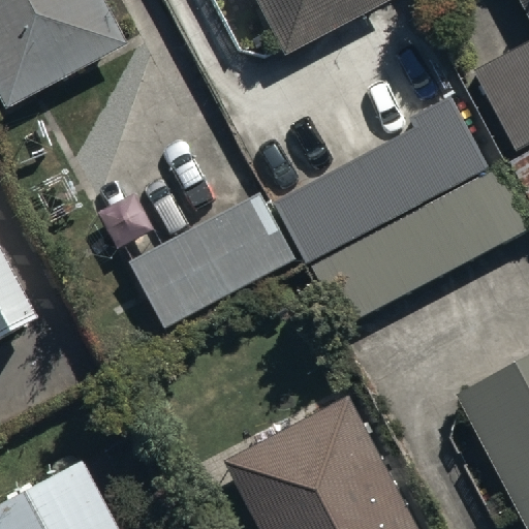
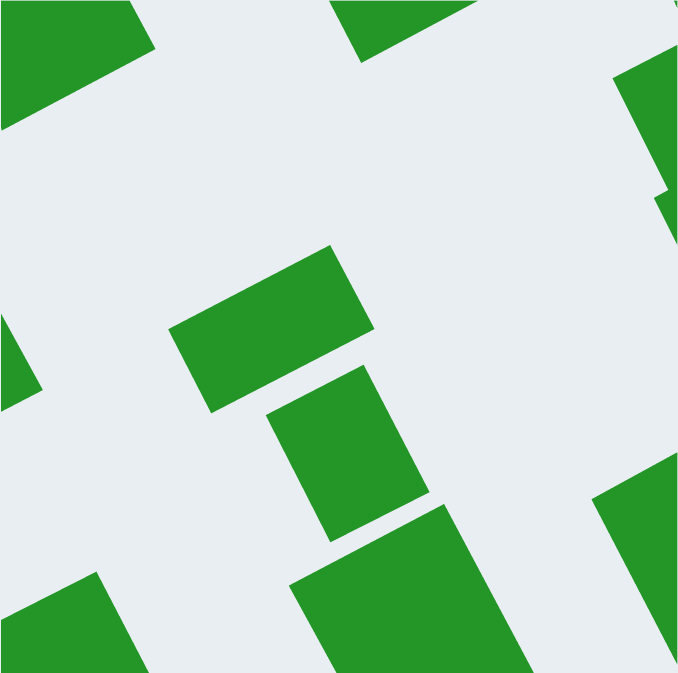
building: [273,97,495,264] -> none
building: none -> [265,364,430,543]

